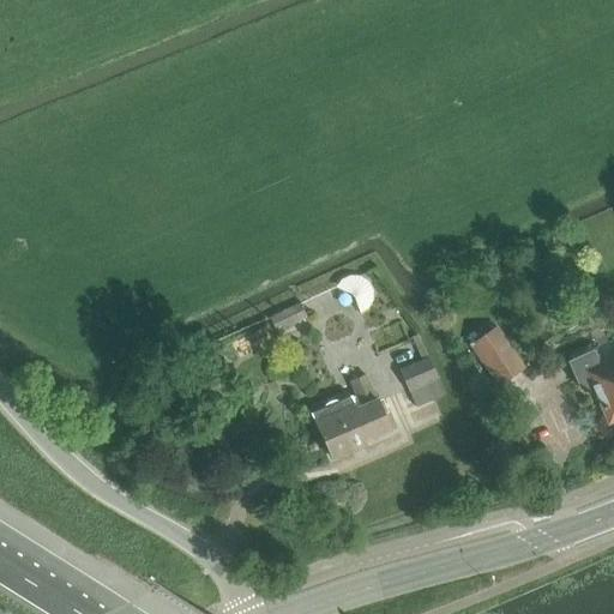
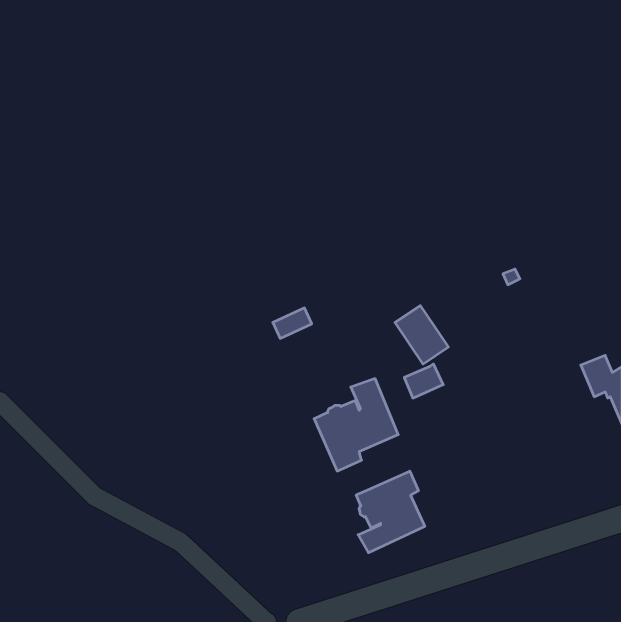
building: [471,327,524,385] -> [395,306,448,364]
building: none -> [356,471,425,553]

